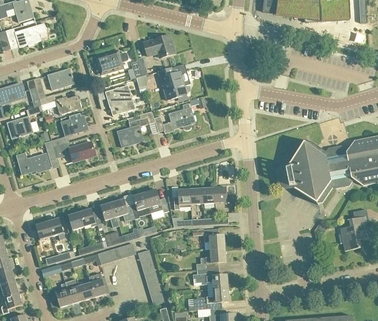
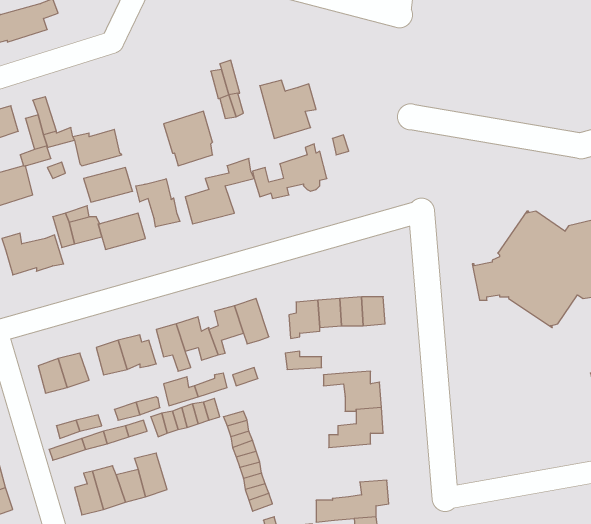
building: [142,34,174,57] -> none
building: [94,49,127,71] -> none
building: [46,67,73,89] -> none
building: none -> [136,179,180,227]
building: [191,267,227,288] -> none

